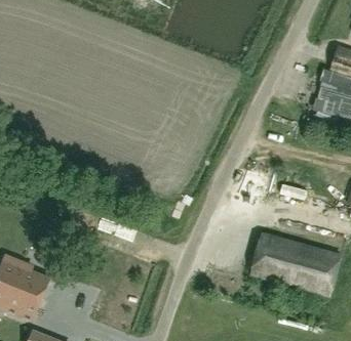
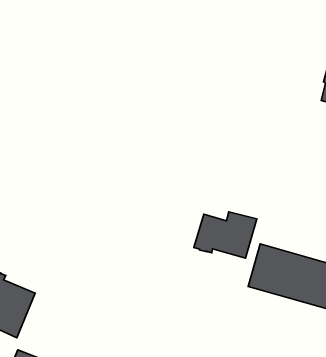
building: none -> [194,212,257,258]

